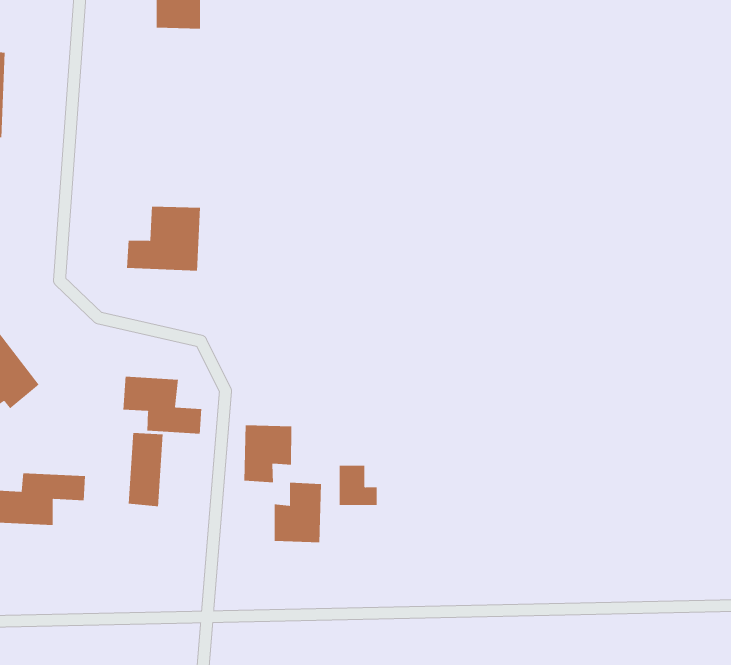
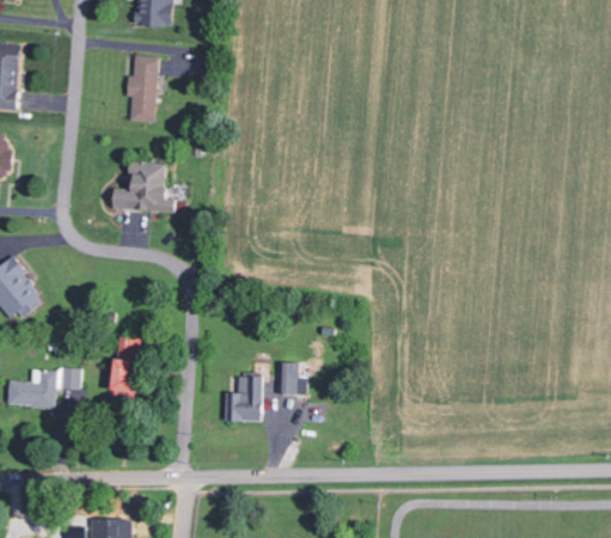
building: none -> [127,56,157,122]
building: [123,376,202,435] -> none
building: [244,425,292,483] -> none

